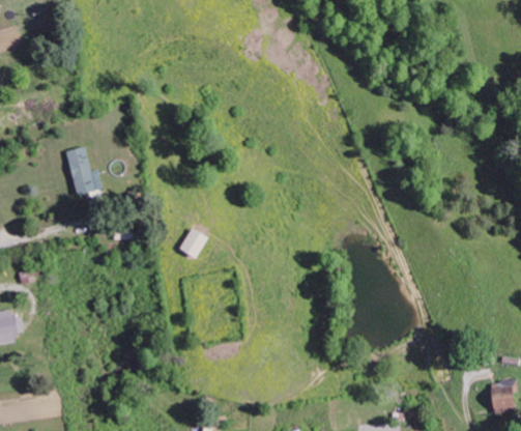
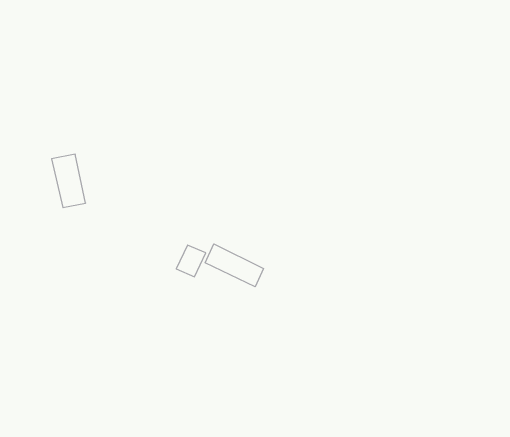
building: none -> [205,244,264,287]

